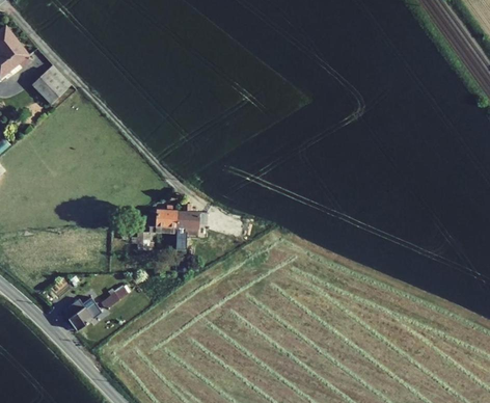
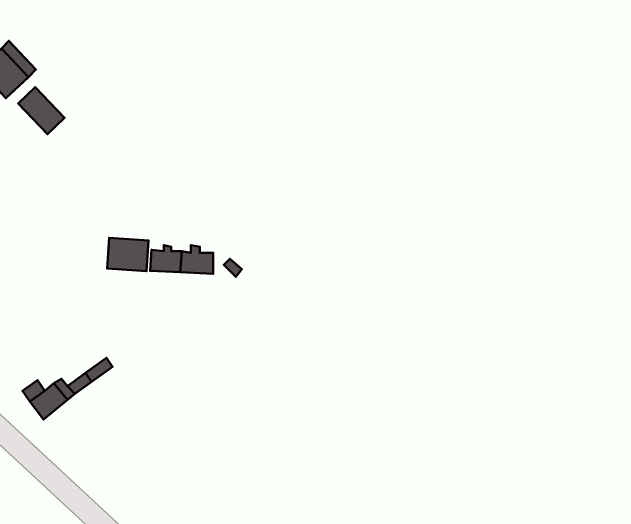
building: none -> [18,87,64,134]
building: none -> [107,238,148,271]

